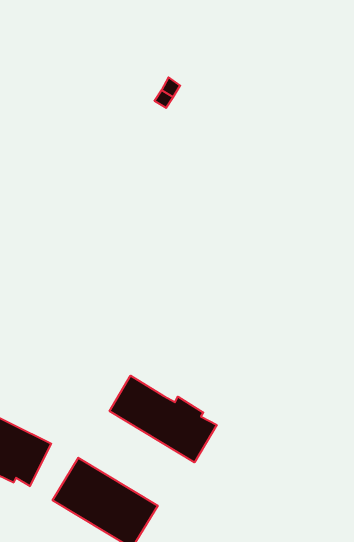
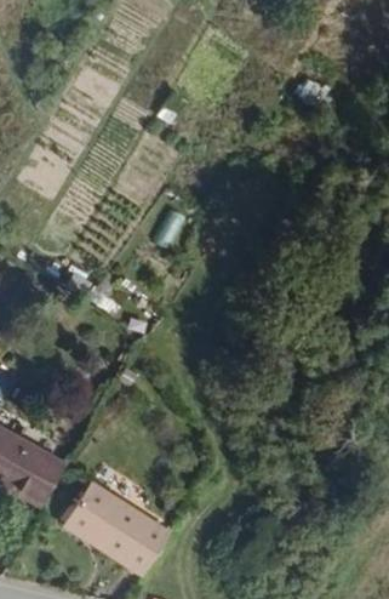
building: [110,376,217,462] -> none

